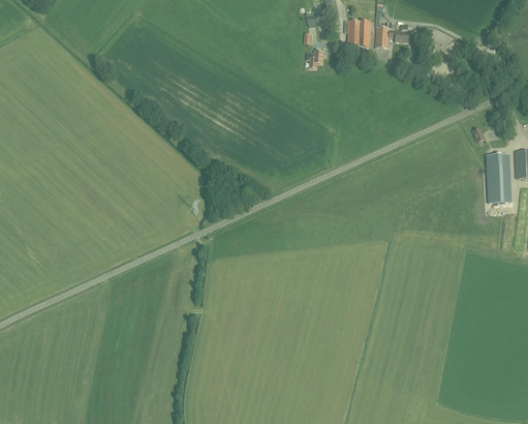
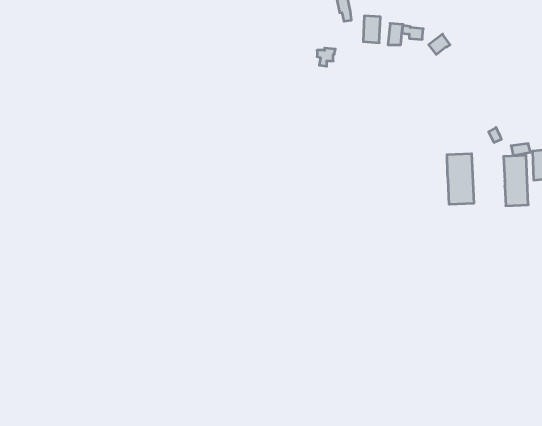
building: none -> [447,154,474,204]

